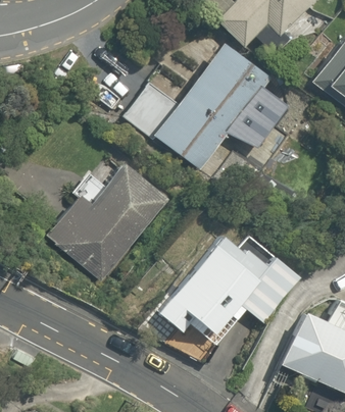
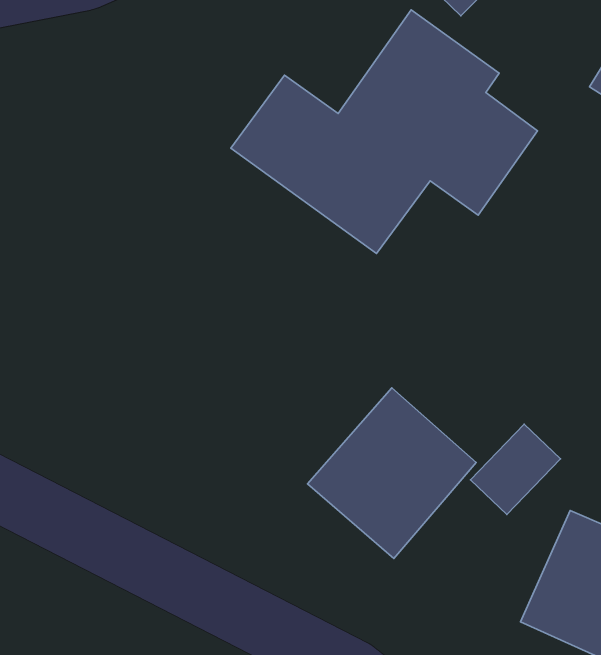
building: [44,152,168,280] -> none

